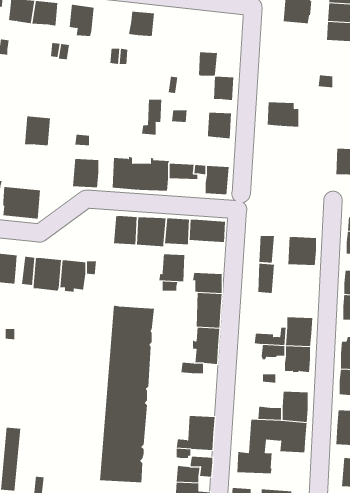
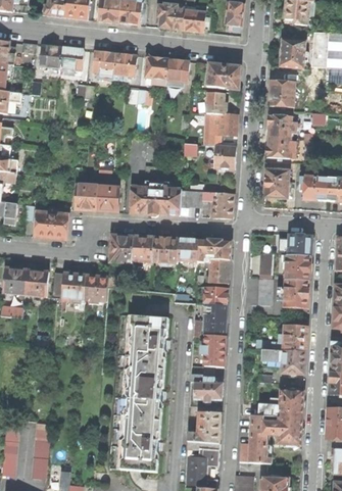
building: none -> [113,53,137,76]
building: none -> [166,58,189,81]
building: none -> [206,63,240,89]
building: none -> [268,80,295,106]
building: none -> [267,115,296,137]
building: [141,99,162,135] -> [202,113,221,145]
building: [24,116,51,146] -> [75,184,98,210]
building: none -> [264,168,294,199]
building: none -> [298,176,328,200]
building: none -> [109,234,134,263]
building: none -> [287,234,312,255]
building: [158,254,185,282] -> [206,258,230,283]
building: none -> [284,279,309,307]
building: none -> [194,380,223,399]

